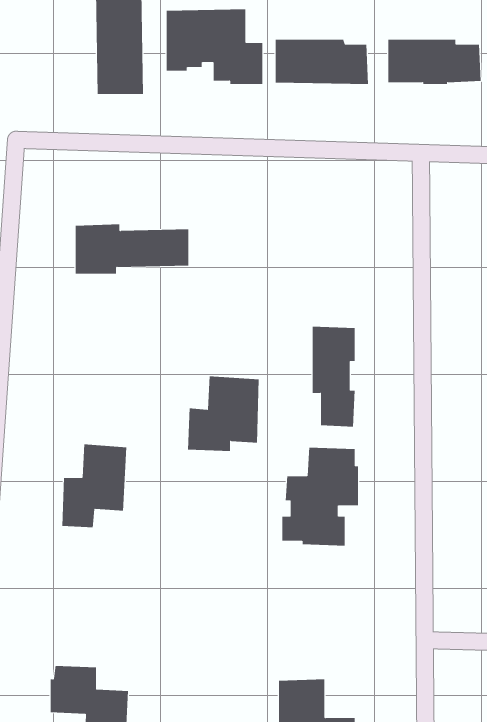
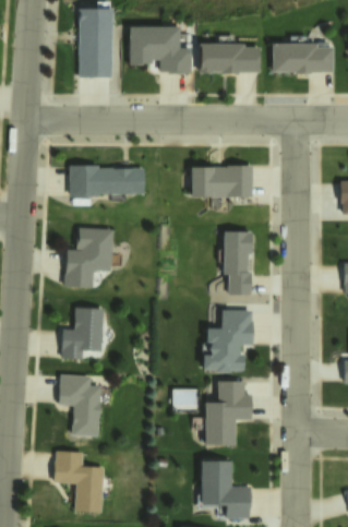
building: none -> [191,165,251,195]
building: [187,376,259,451] -> [64,227,111,276]
building: none -> [58,374,100,438]
building: none -> [205,381,251,445]

